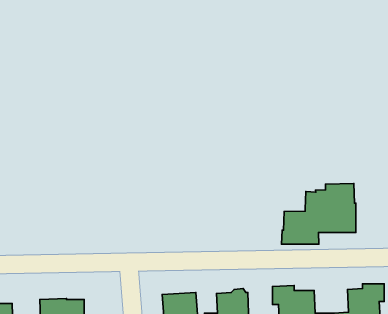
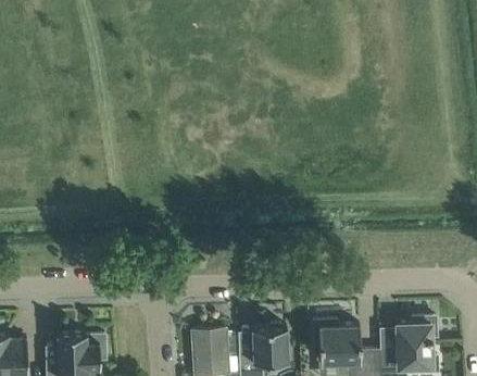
building: [282,183,356,244] -> none

